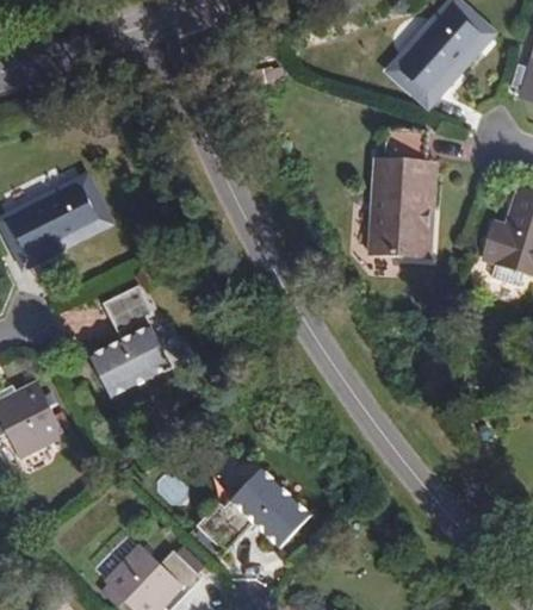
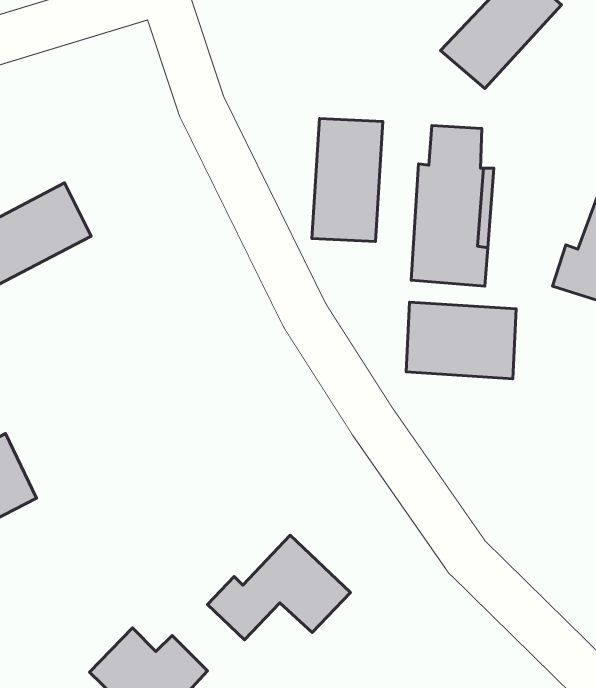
building: none -> [312,118,383,241]
building: none -> [406,302,516,379]
building: [91,284,169,394] -> none

